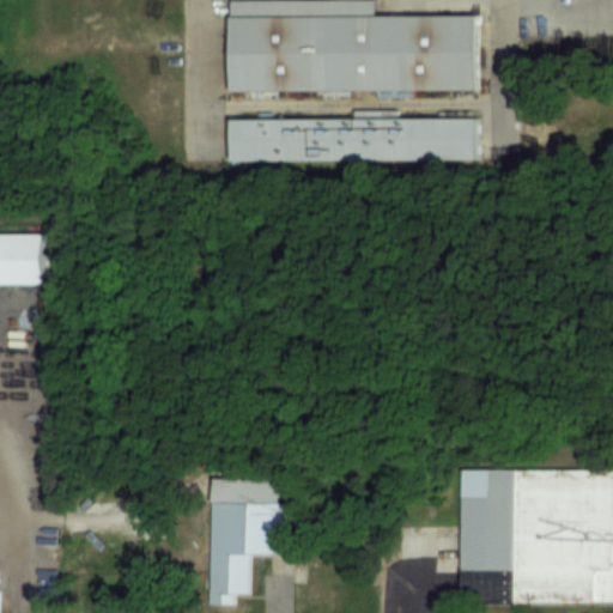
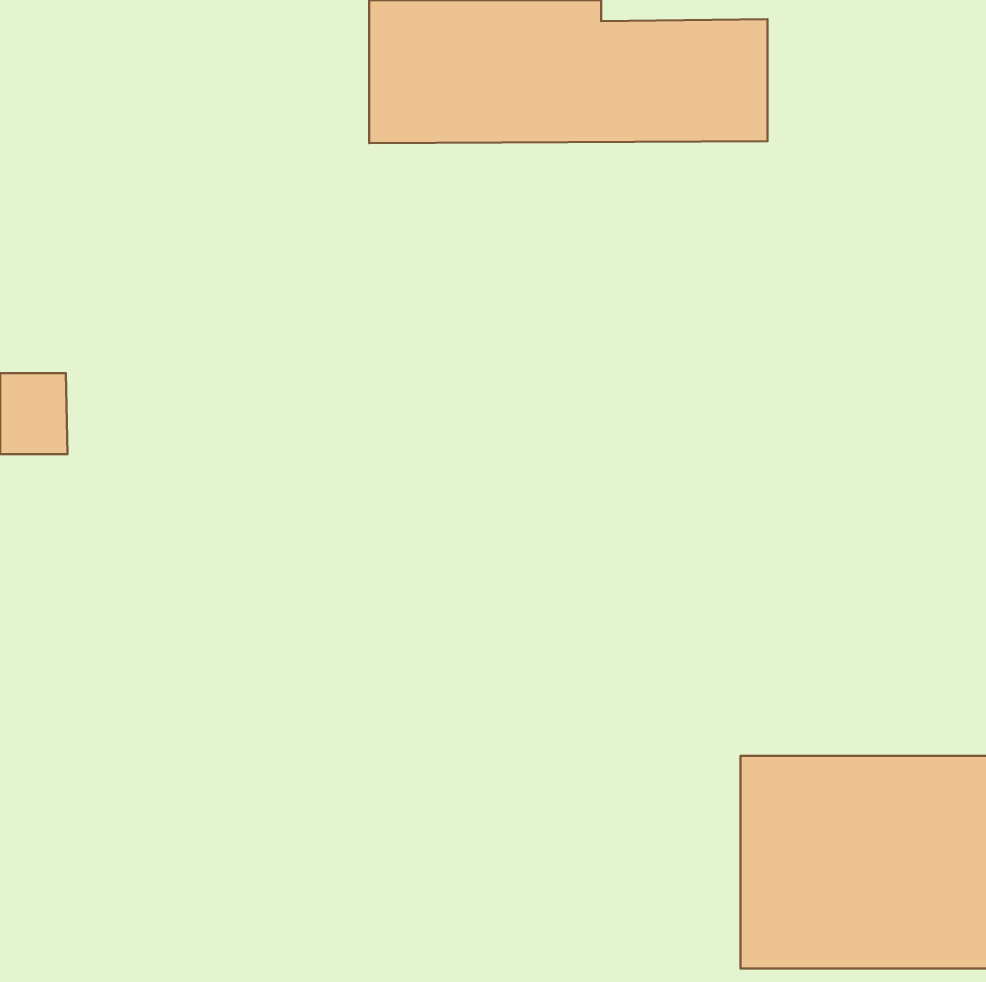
building: [231,119,477,162] -> none
building: [211,479,280,605] -> none

